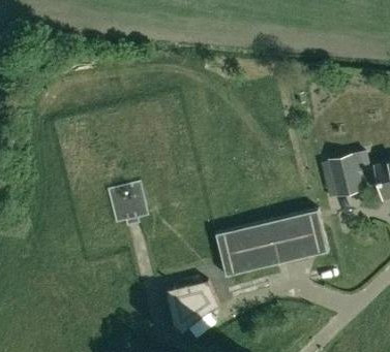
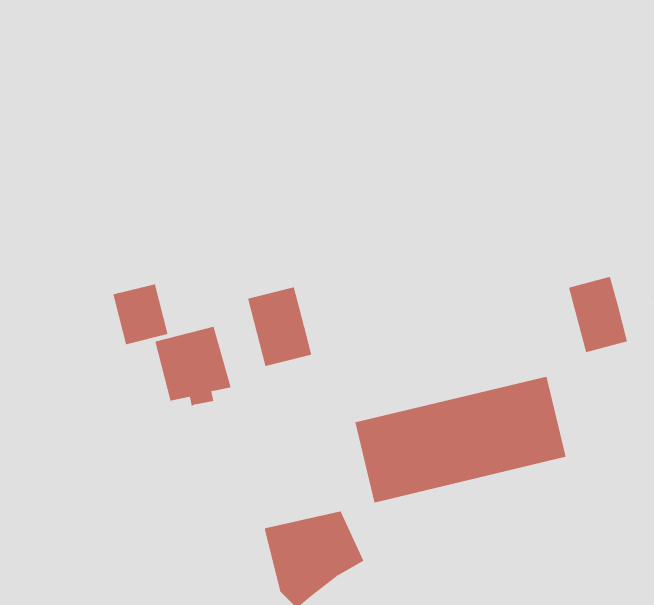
building: none -> [113,283,168,345]
building: none -> [247,286,312,367]

